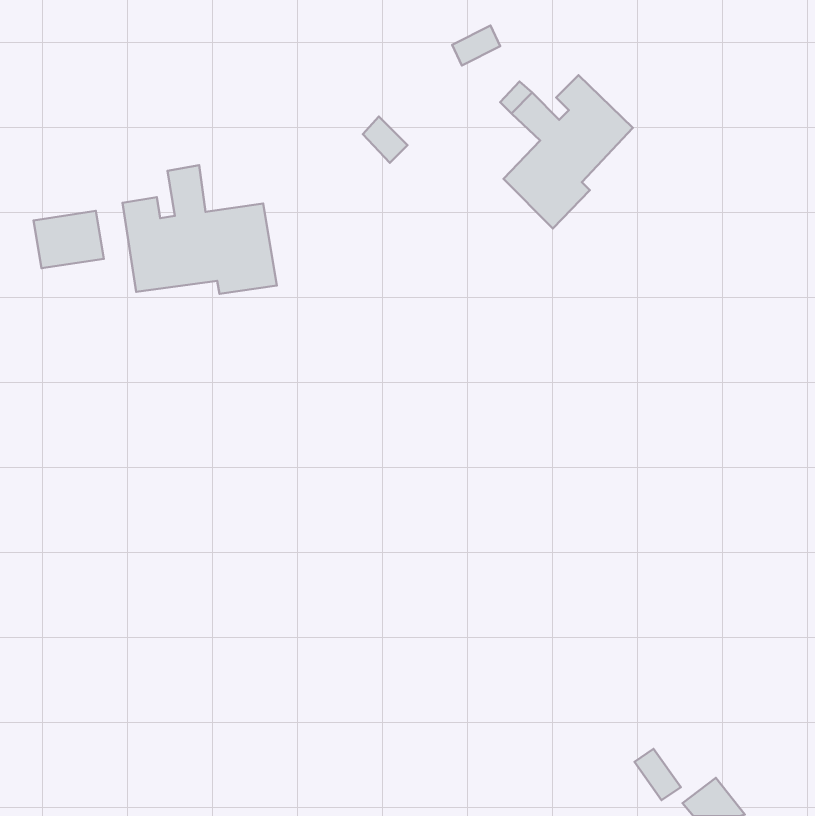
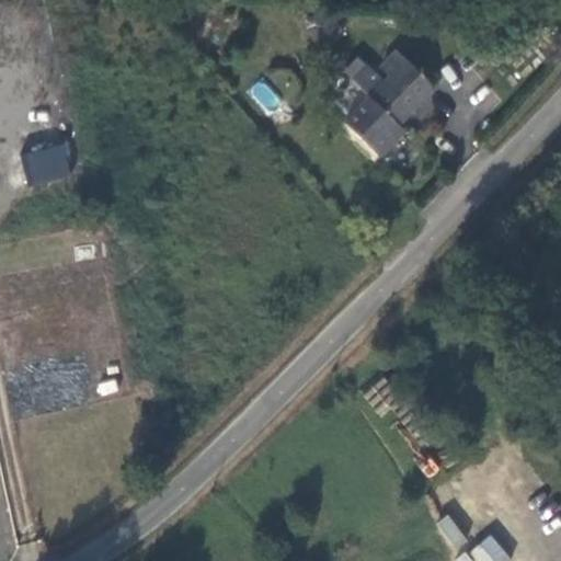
building: [123,165,277,294] -> none

